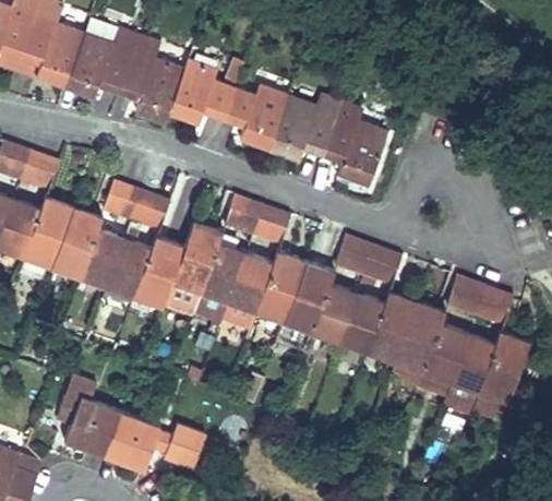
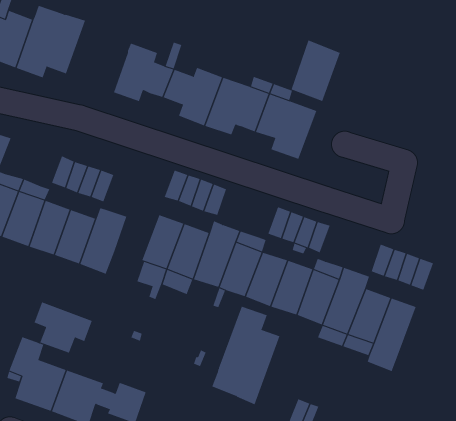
building: [119,35,184,122] -> none
building: none -> [291,40,341,102]
building: [171,220,223,293] -> none
building: [471,331,529,420] -> none
building: none -> [34,302,92,354]
building: none -> [211,306,280,405]

